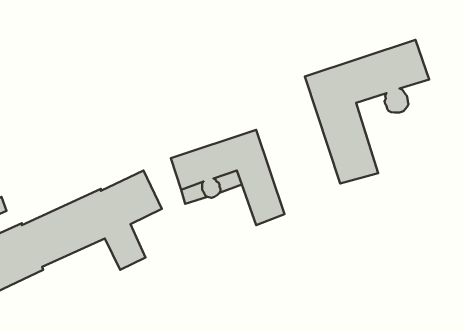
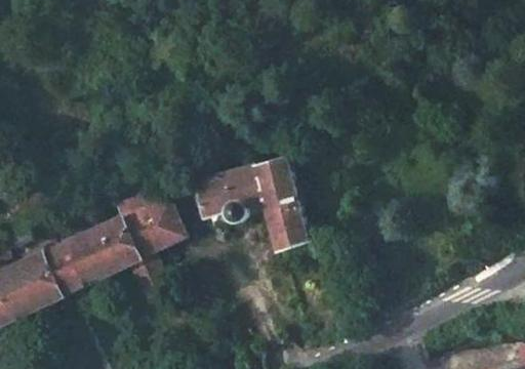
building: [305,40,429,184] -> none

